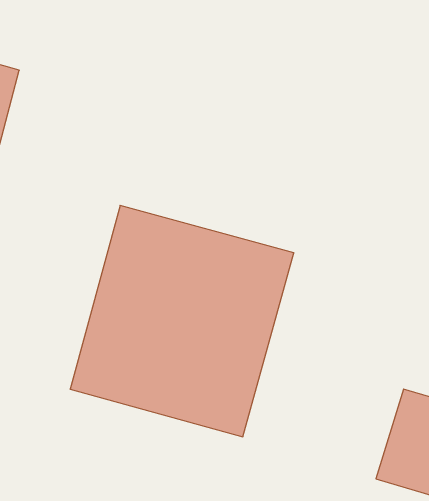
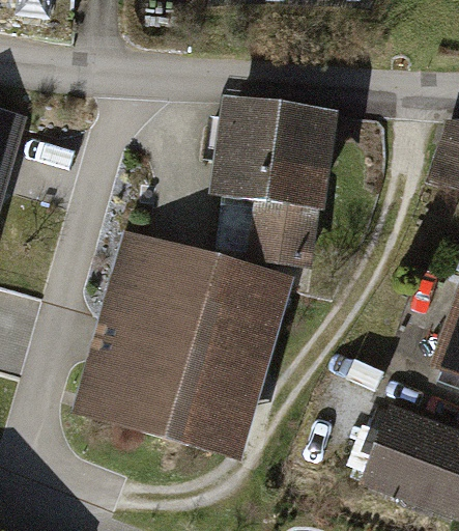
building: none -> [221,113,328,269]

